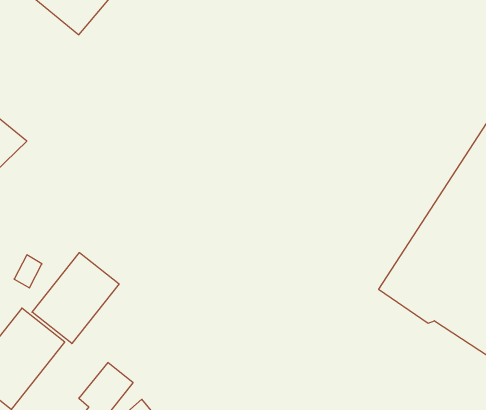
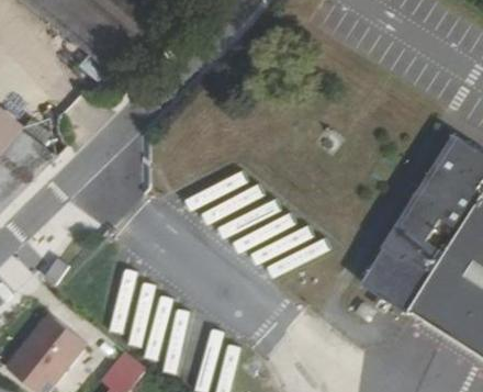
building: [32,253,119,344] -> none

